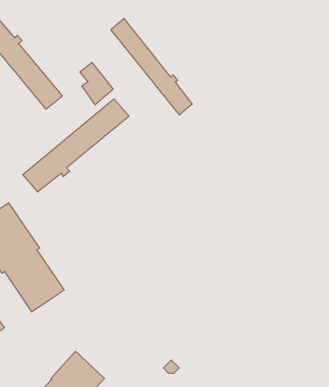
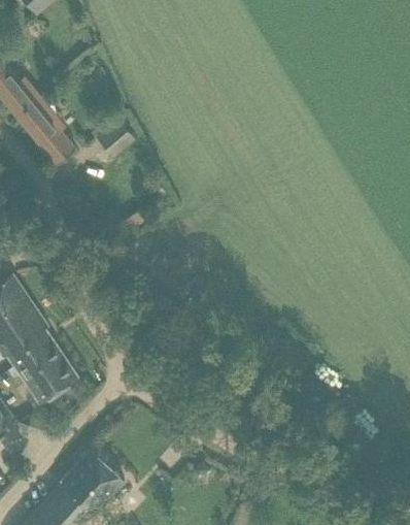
building: [111,19,192,115] -> none
building: [23,99,129,192] -> none

